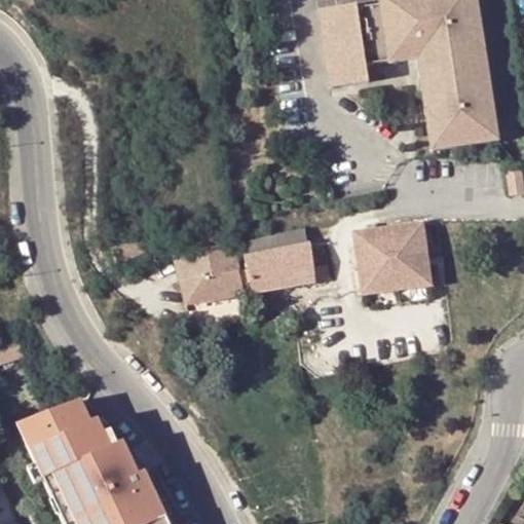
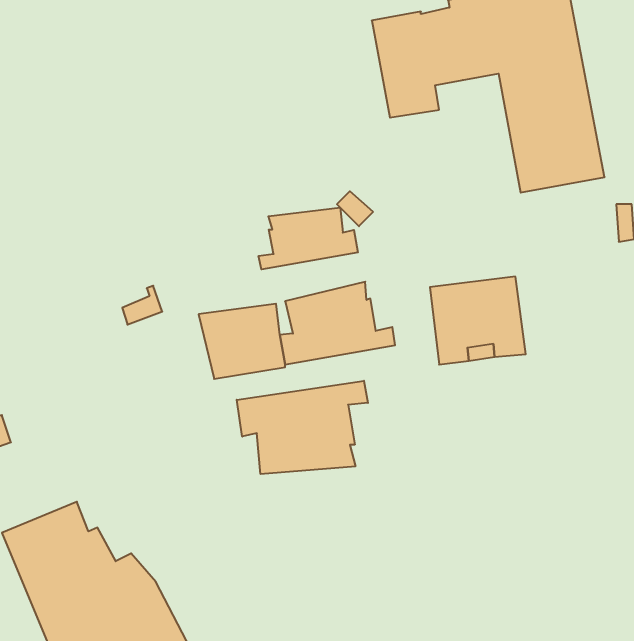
building: none -> [259,208,358,269]
building: none -> [237,381,368,474]

